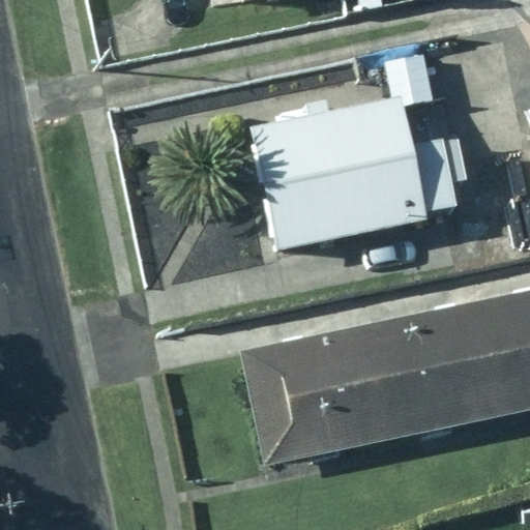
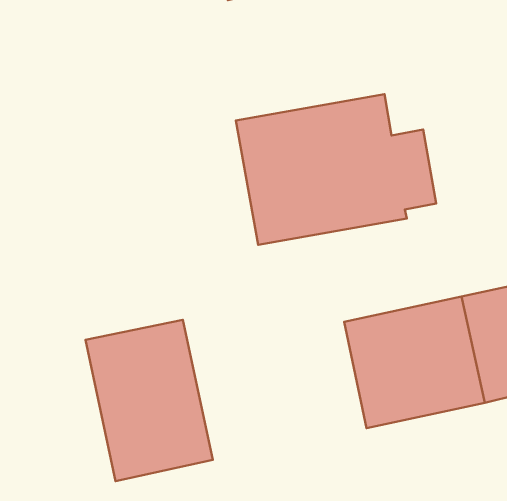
building: none -> [85,320,213,481]
building: [241,329,385,464] -> none

